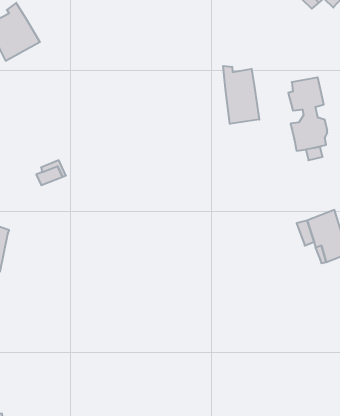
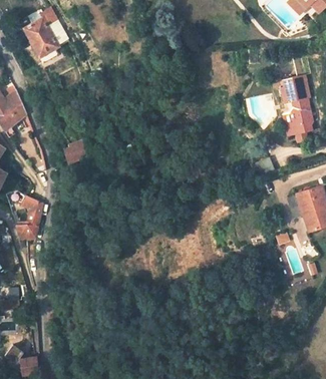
building: [223,66,259,124] -> none

